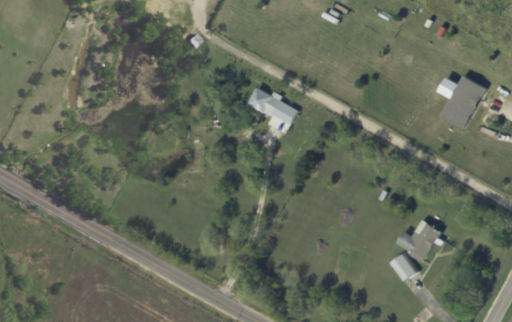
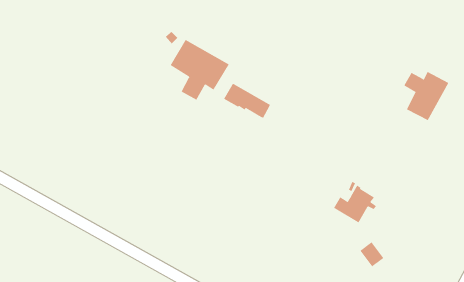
building: none -> [170,39,229,100]
building: [397,220,443,260] -> [333,185,377,223]

